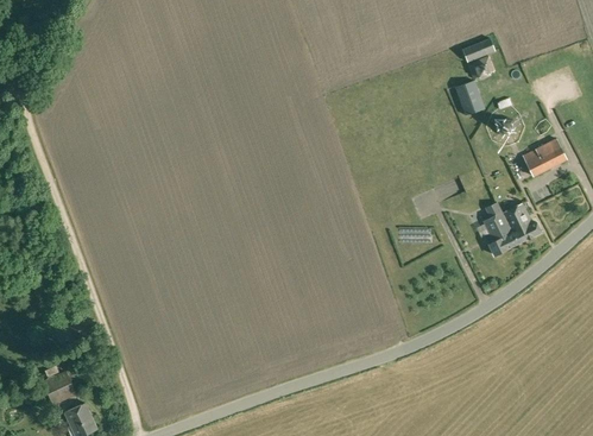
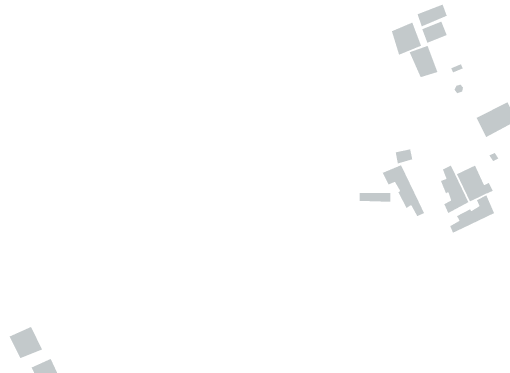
building: none -> [391,21,422,56]
building: none -> [382,164,425,217]
building: none -> [449,194,495,234]

